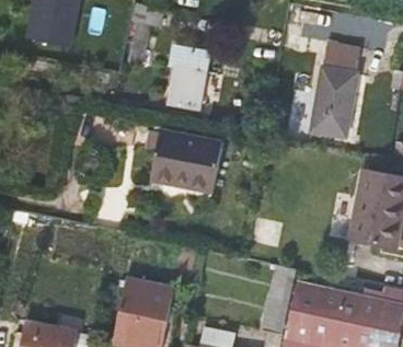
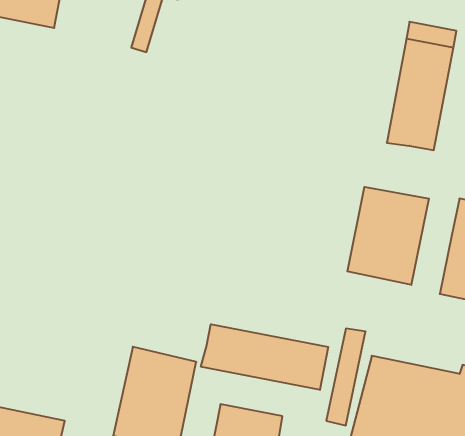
building: [170,45,209,108] -> none
building: [150,129,222,192] -> none
building: none -> [347,187,429,285]
building: none -> [201,324,328,390]

